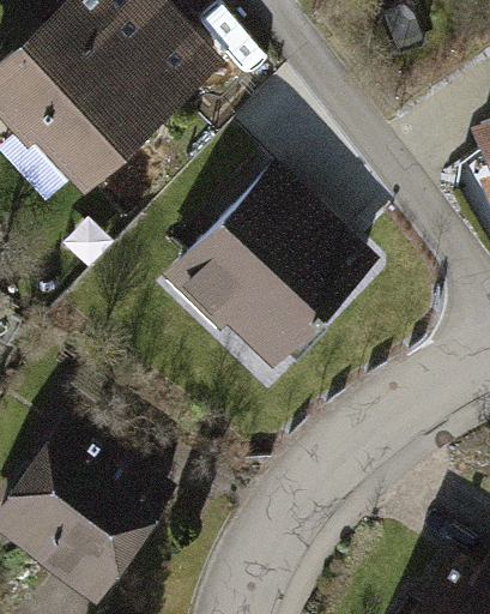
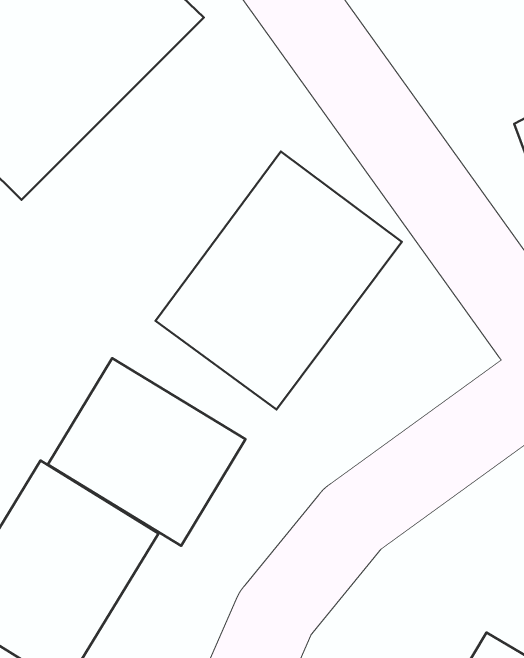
building: none -> [48,358,245,546]

